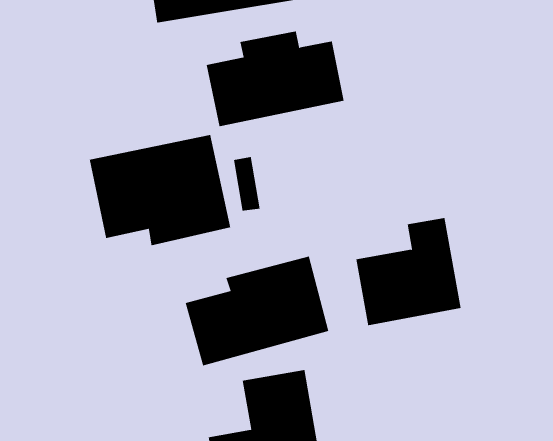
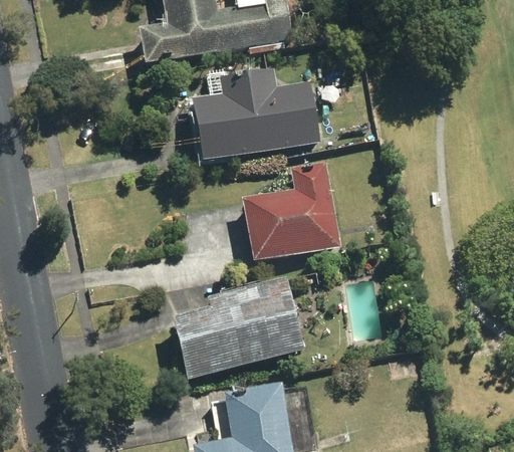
building: [89,134,231,246] -> none
building: [355,218,461,326] -> [243,161,340,260]

